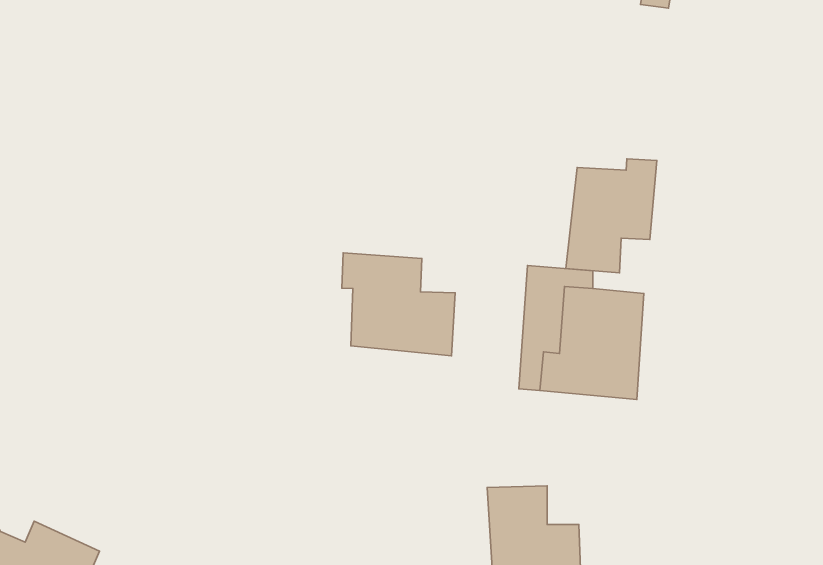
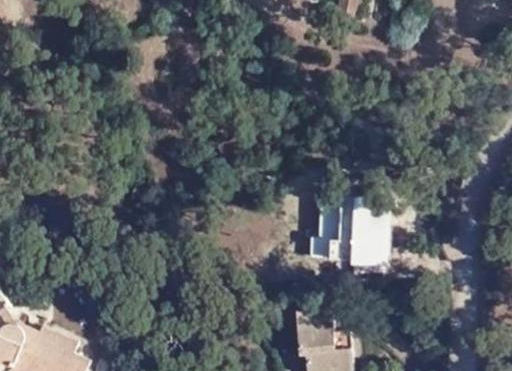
building: [566,159,657,273] -> none
building: [342,253,455,356] -> none

